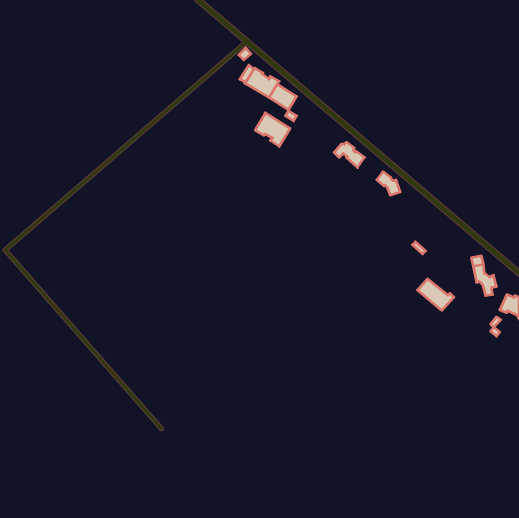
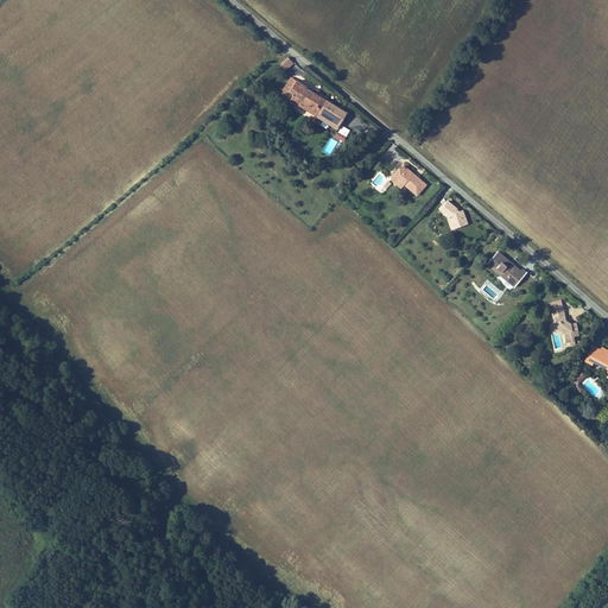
building: [255,113,290,147] -> none
building: [417,279,454,310] -> [486,251,528,287]

